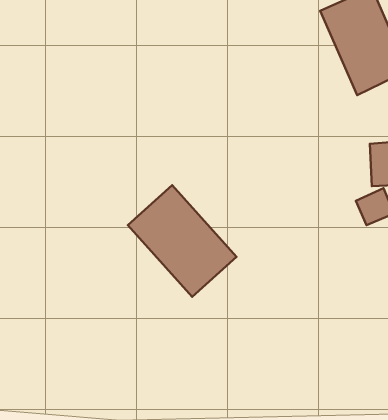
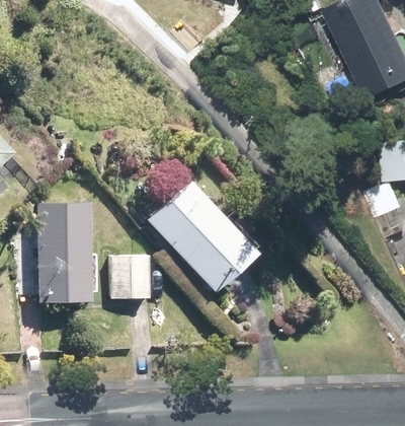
building: none -> [37,202,89,298]
building: none -> [108,258,148,296]

